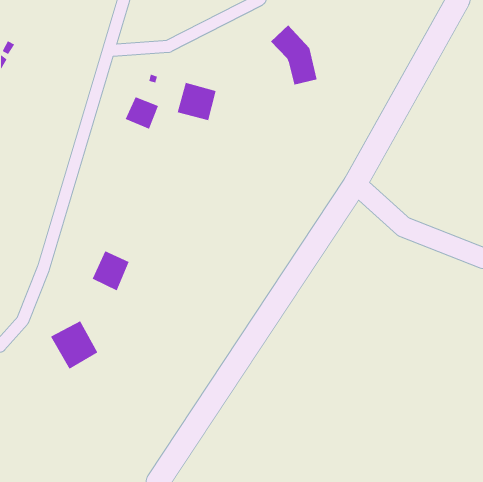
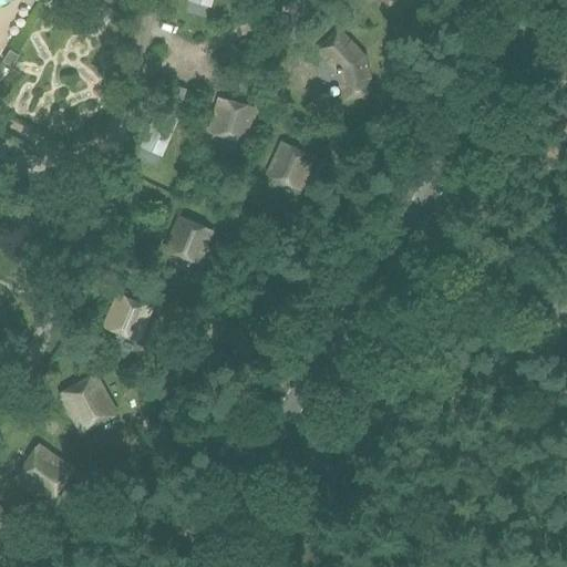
building: none -> [266,142,315,188]
building: none -> [163,215,213,267]
building: none -> [14,445,74,504]

